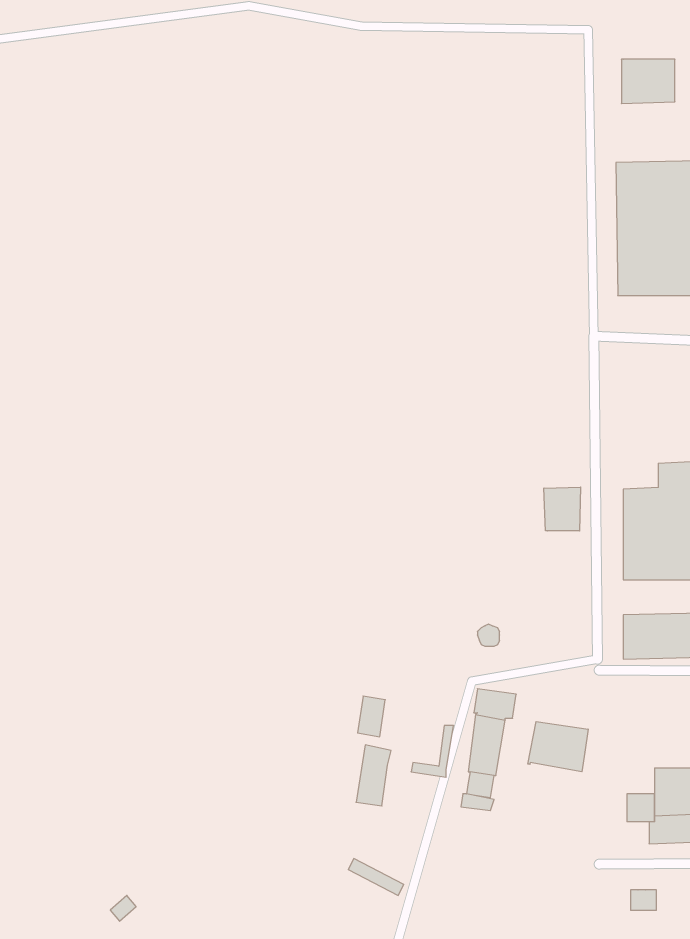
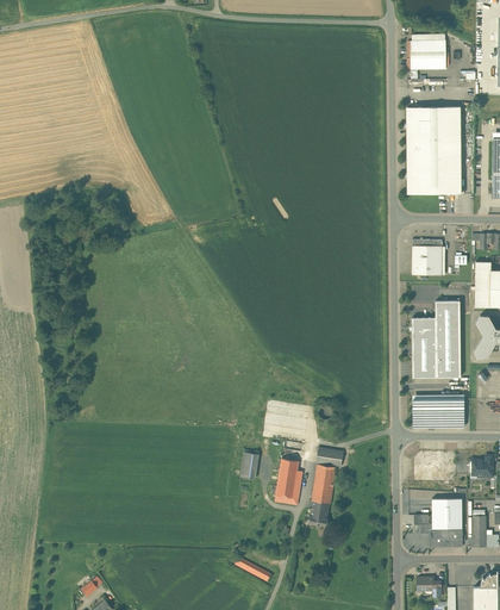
building: none -> [412,245,442,275]
building: [544,487,581,531] -> none
building: [528,722,588,772] -> none
building: [356,745,391,806] -> [276,458,299,497]

